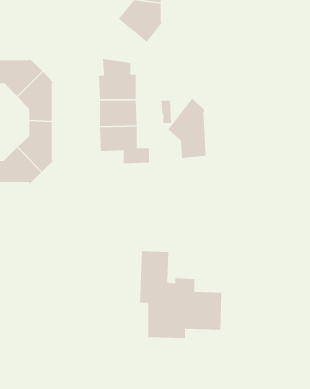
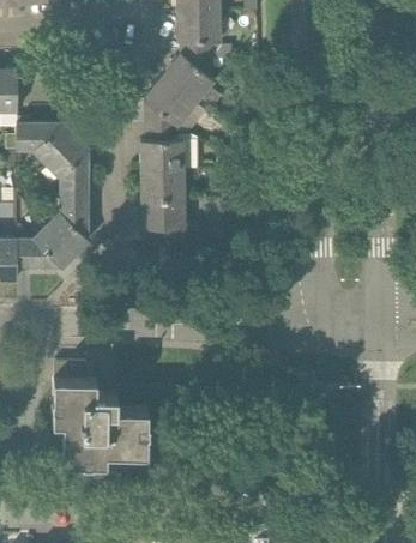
building: none -> [144,76,197,126]
building: [167,98,206,159] -> none
building: [139,251,222,339] -> [53,361,149,463]

